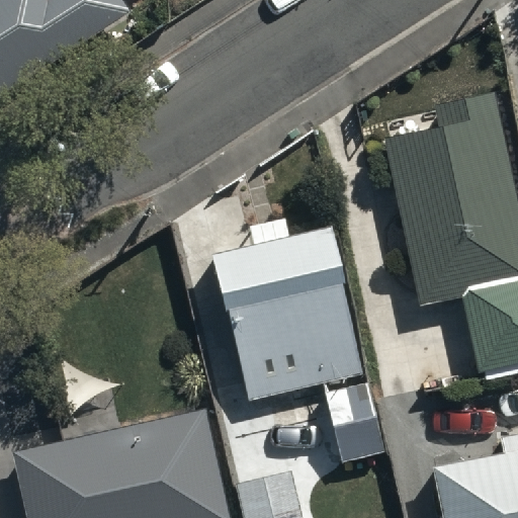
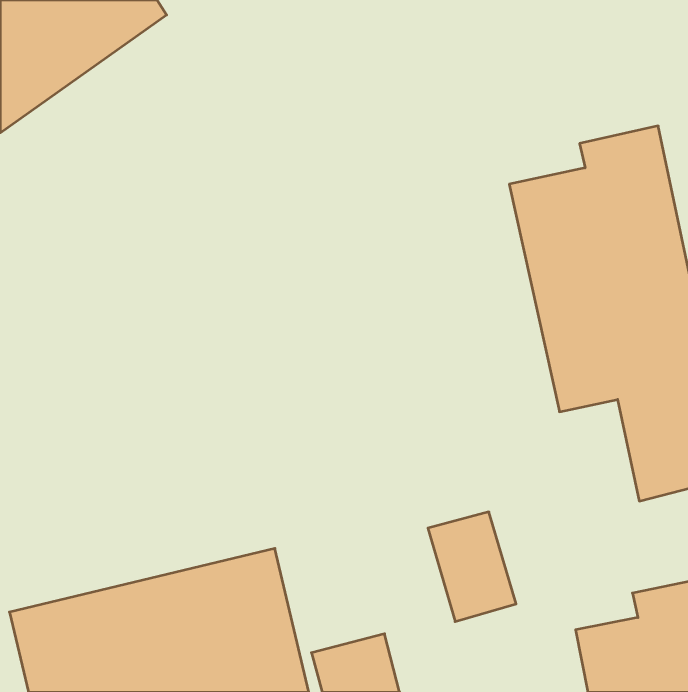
building: [214,220,363,400] -> none

